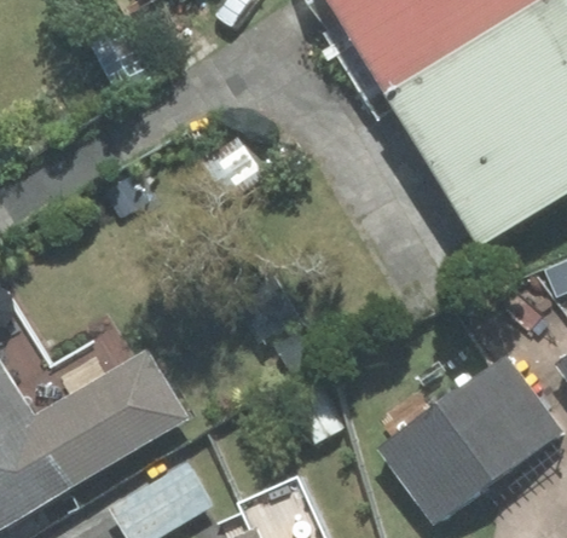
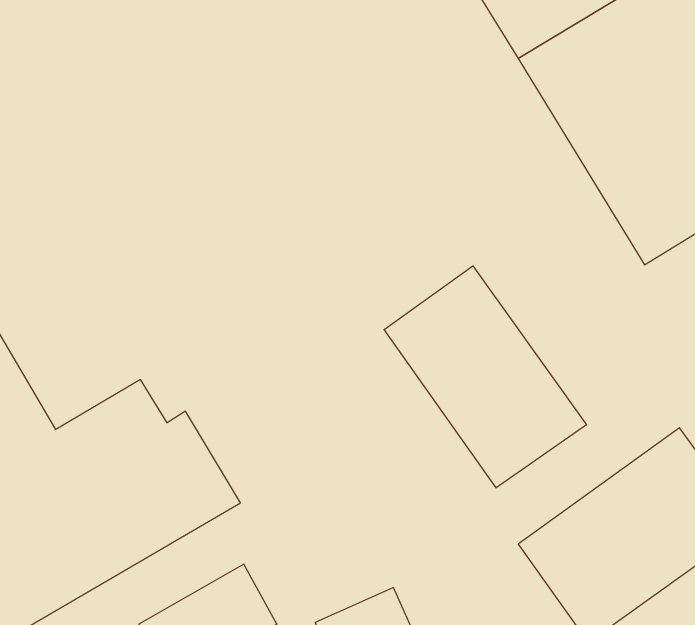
building: none -> [384,266,586,488]

